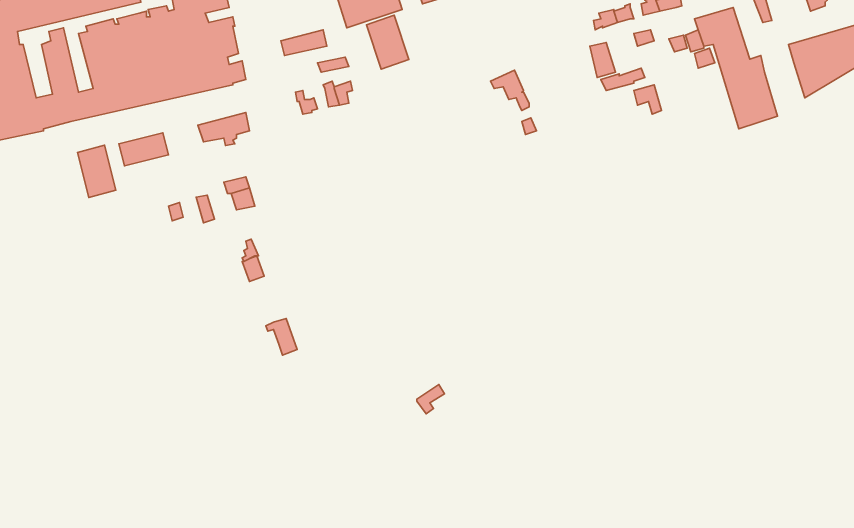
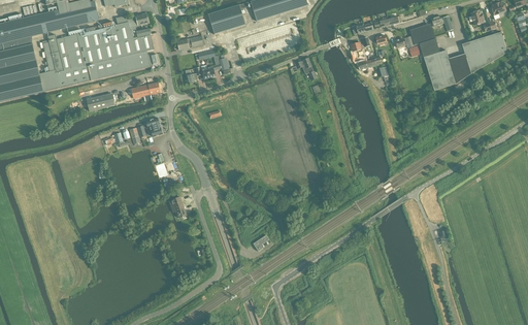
building: [366,15,409,69] -> none
building: none -> [448,54,470,84]
building: [78,145,116,198] -> none

